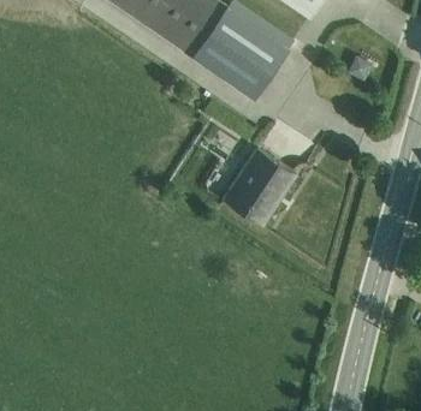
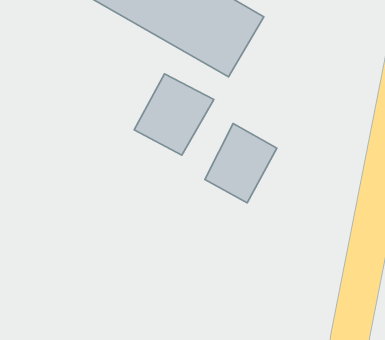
building: none -> [134,74,214,155]

